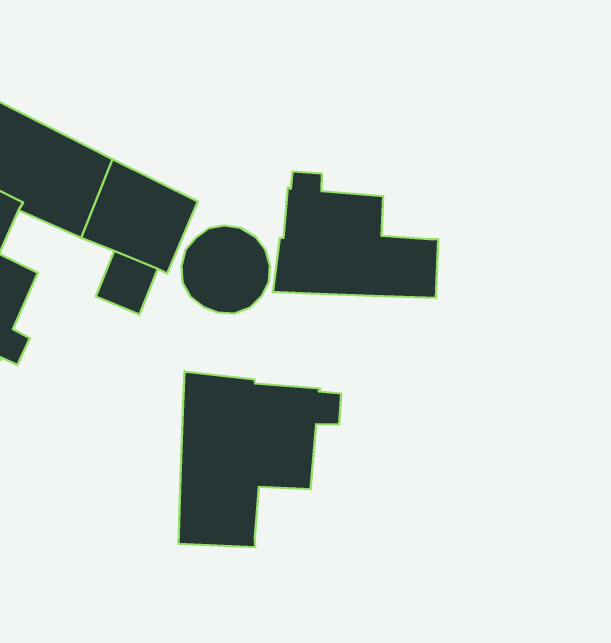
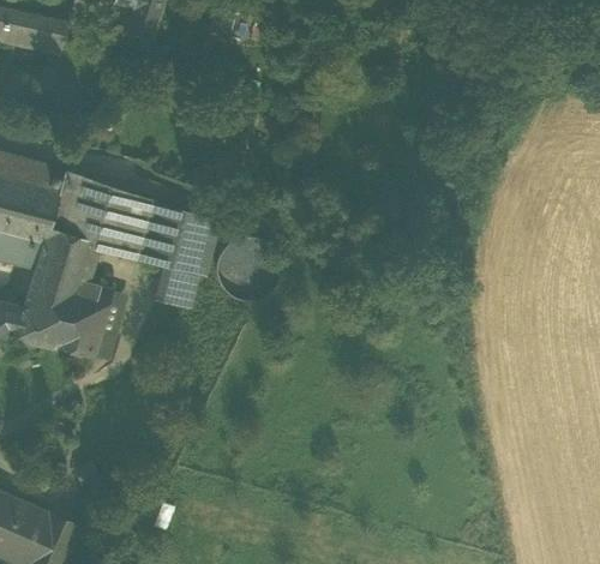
building: [273,172,438,298] -> none
building: [179,371,341,547] -> none

